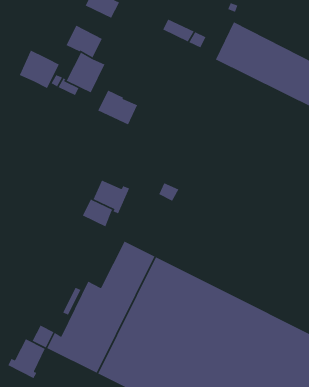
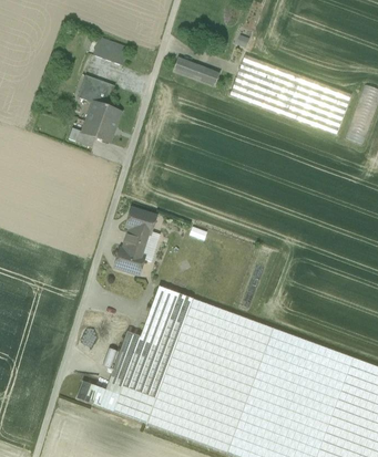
building: [18,49,60,89] -> none
building: [97,89,138,125] -> none
building: none -> [126,207,157,233]
building: [7,338,46,379] -> none

